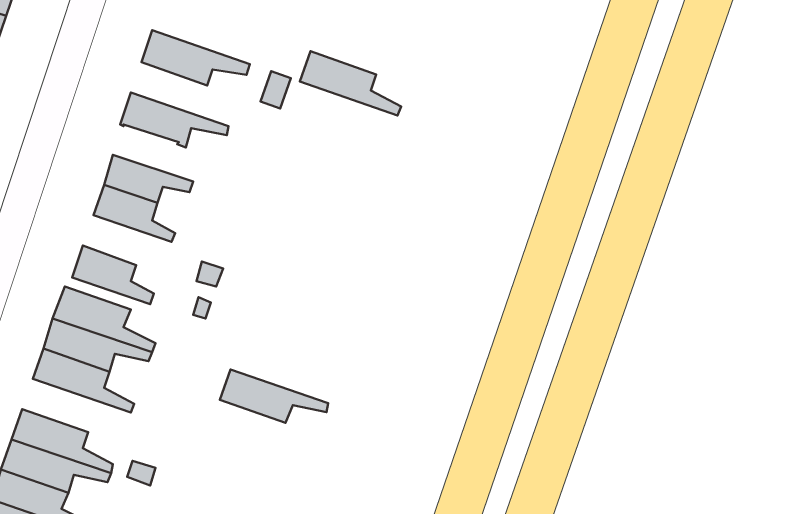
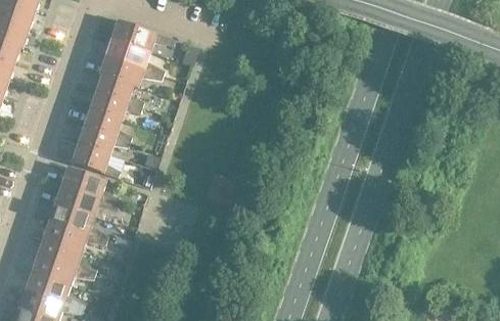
building: [300,51,401,115] -> [105,38,164,75]
building: none -> [95,74,143,106]
building: none -> [78,126,129,154]
building: [220,369,328,423] -> [43,220,105,250]

